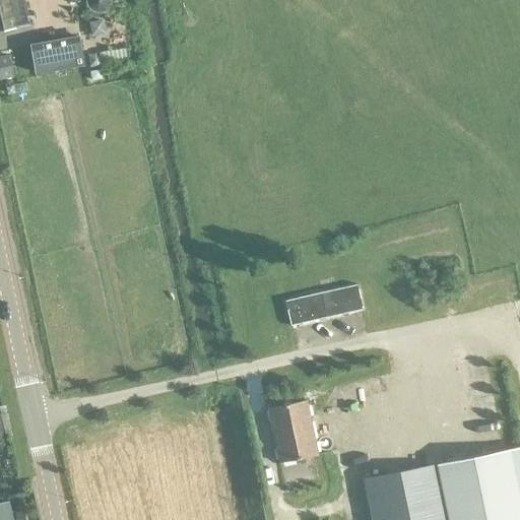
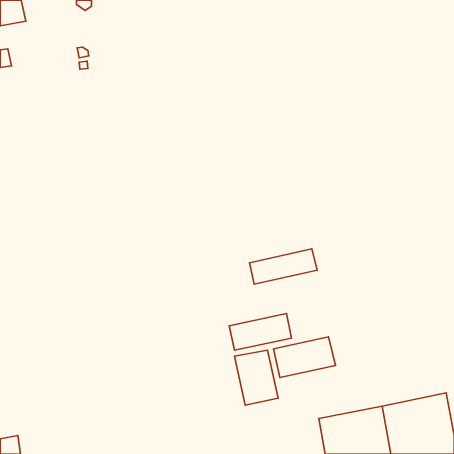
building: [30,37,83,72] -> none
building: none -> [229,313,291,350]
building: none -> [273,337,336,378]

